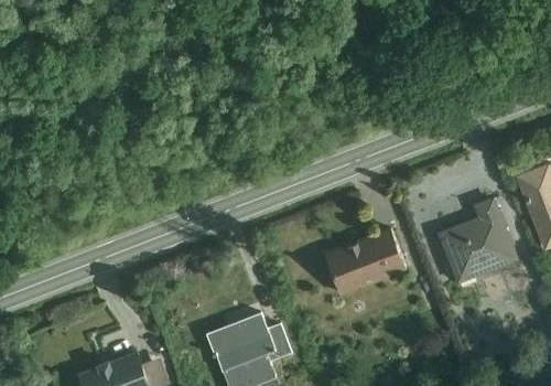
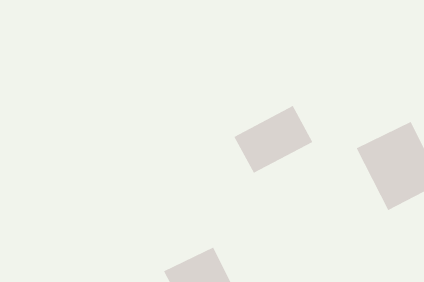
building: [325,228,412,299] -> [234,105,313,174]

